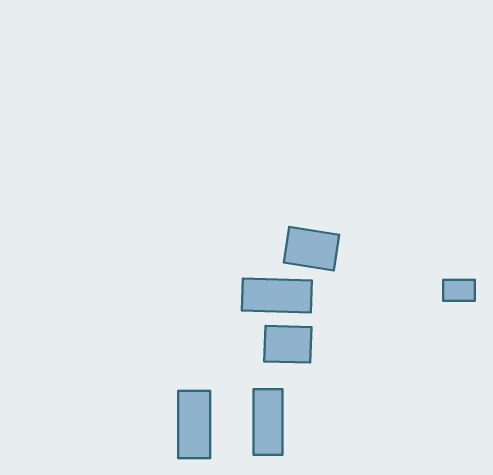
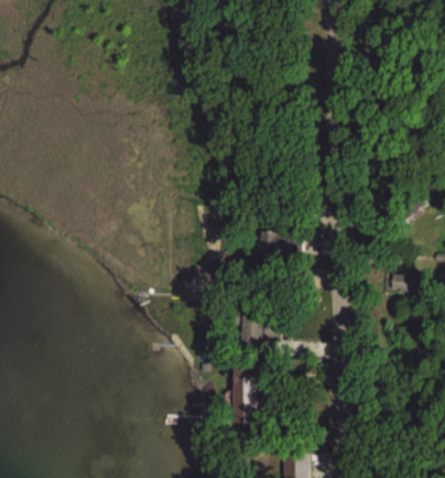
building: [242,278,312,313] -> none
building: [178,391,210,458] -> none

